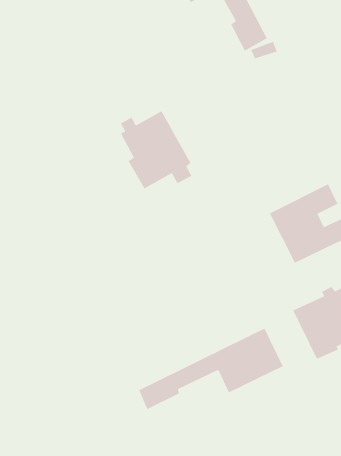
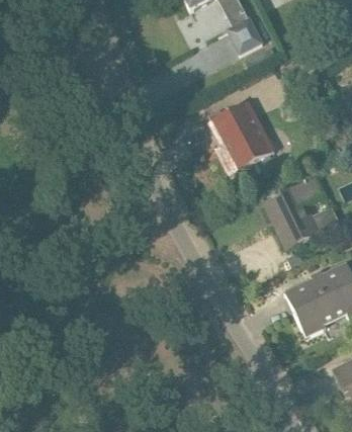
building: [120,110,193,190] -> [208,100,275,173]
building: [138,327,284,410] -> none

